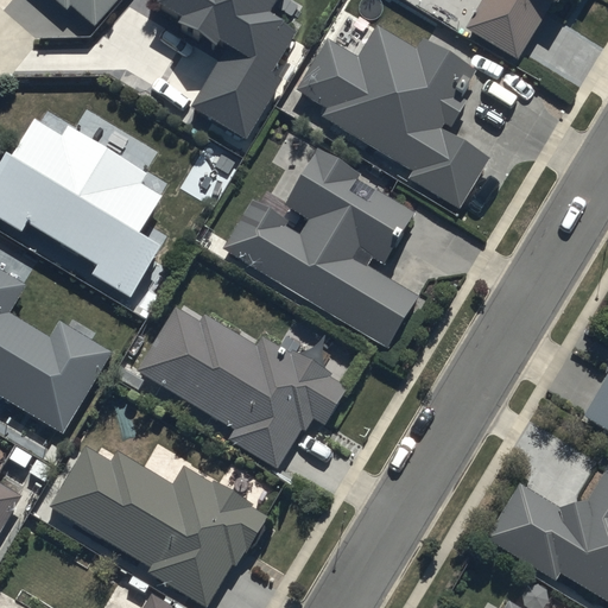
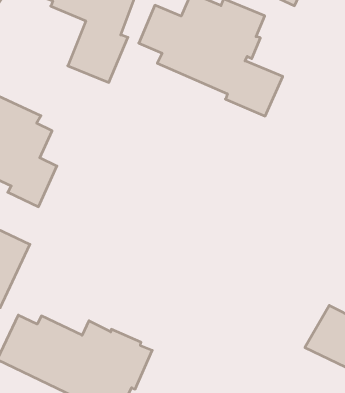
building: [224,146,418,347] -> none
building: [134,304,349,469] -> none

